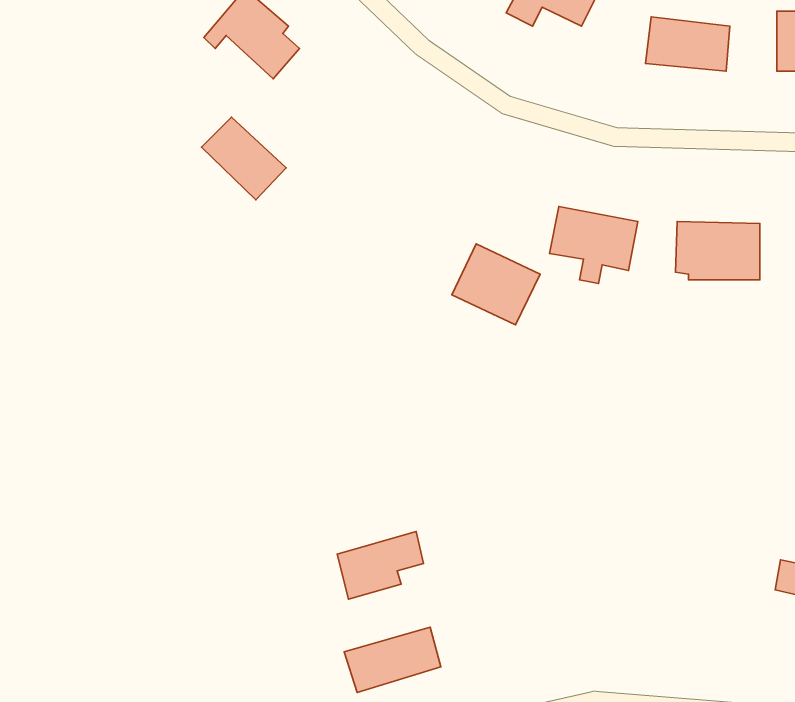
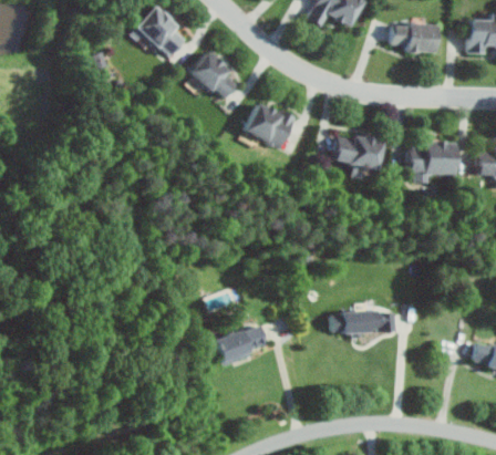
building: [201,117,286,200] -> [190,52,240,101]
building: [452,244,540,325] -> [244,101,296,148]
building: none -> [324,309,391,332]
building: [344,627,441,693] -> none

